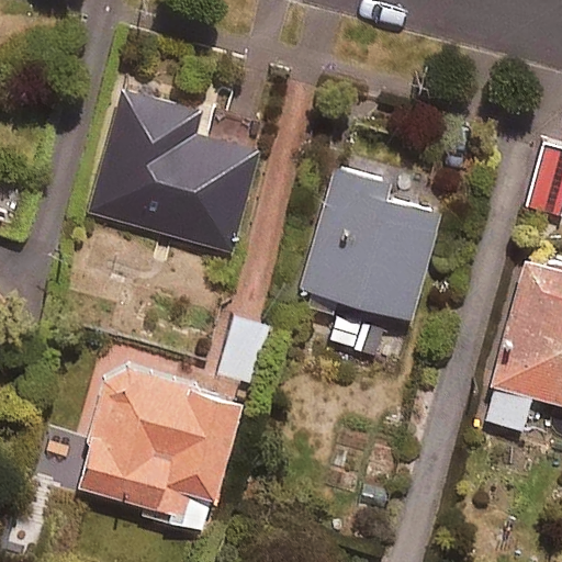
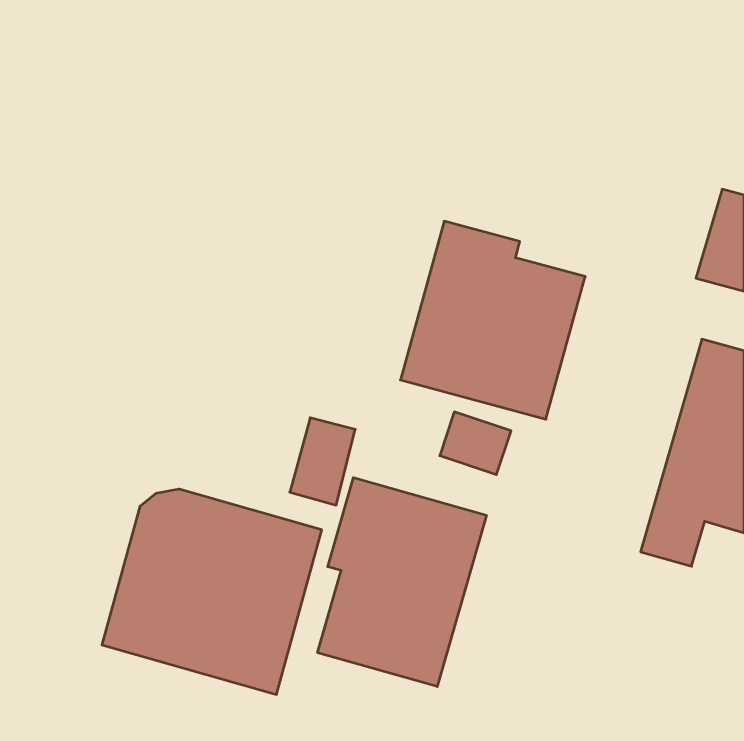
building: [88,87,261,252] -> none
building: none -> [318,478,486,687]

